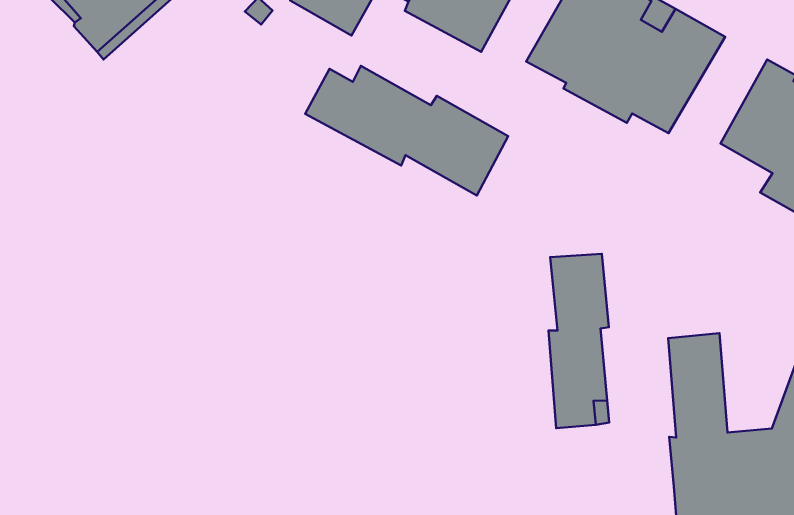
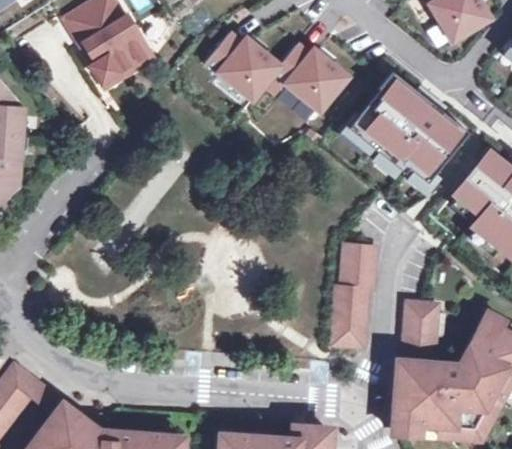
building: [305,66,508,195] -> none

